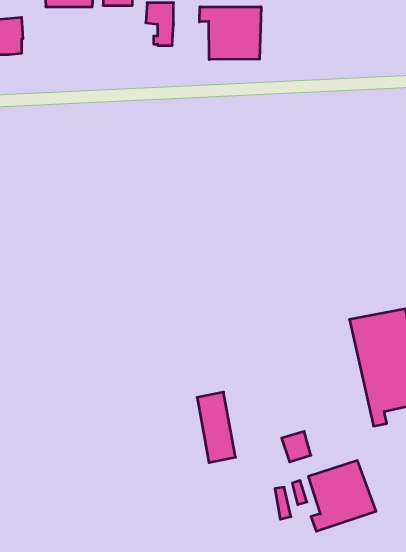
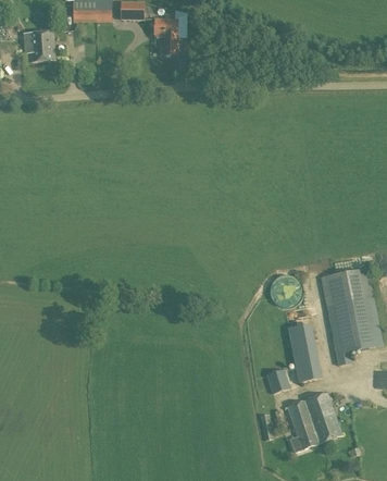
building: [199,7,261,60] -> none
building: [197,392,236,463] -> [288,323,320,381]

